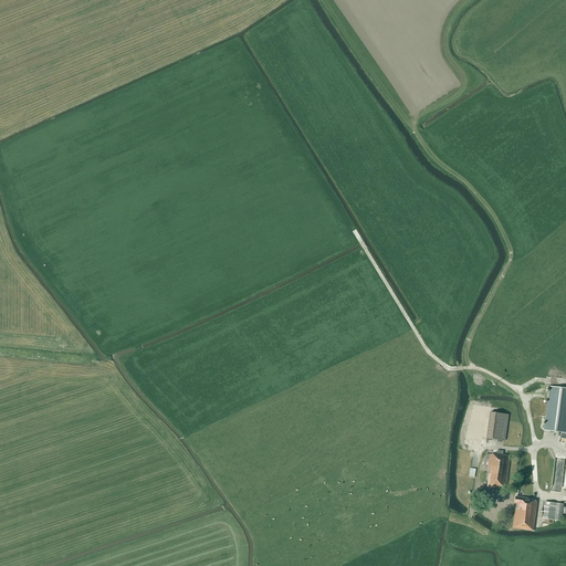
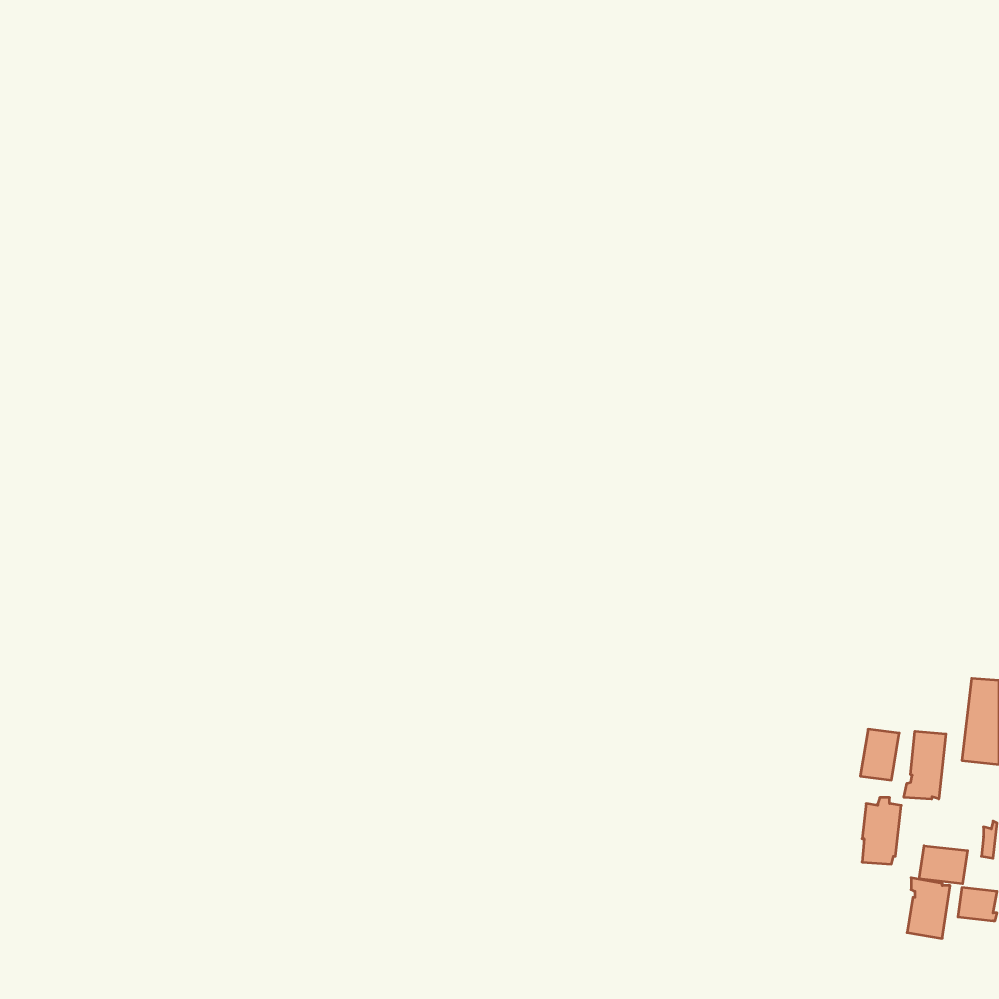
building: none -> [904,731,946,799]
building: none -> [919,846,968,884]

